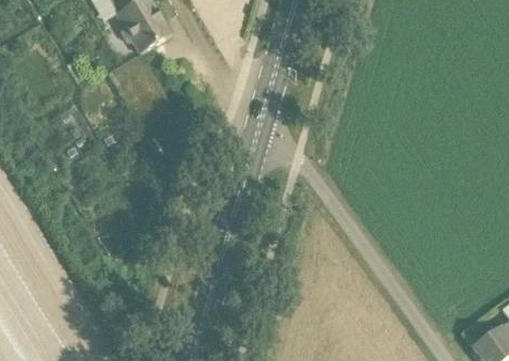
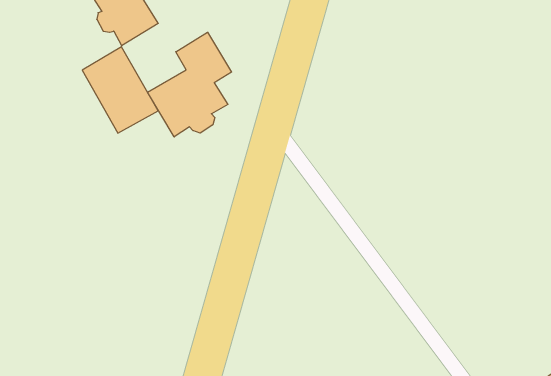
building: none -> [148,32,232,137]

